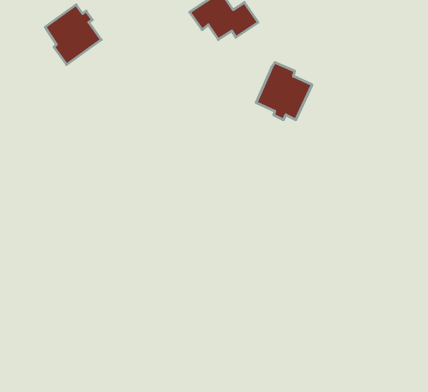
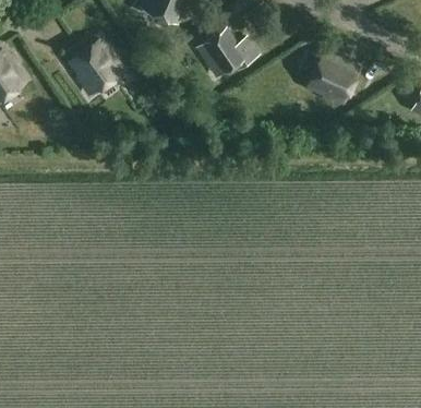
building: [256,63,312,120] -> [308,49,357,99]

